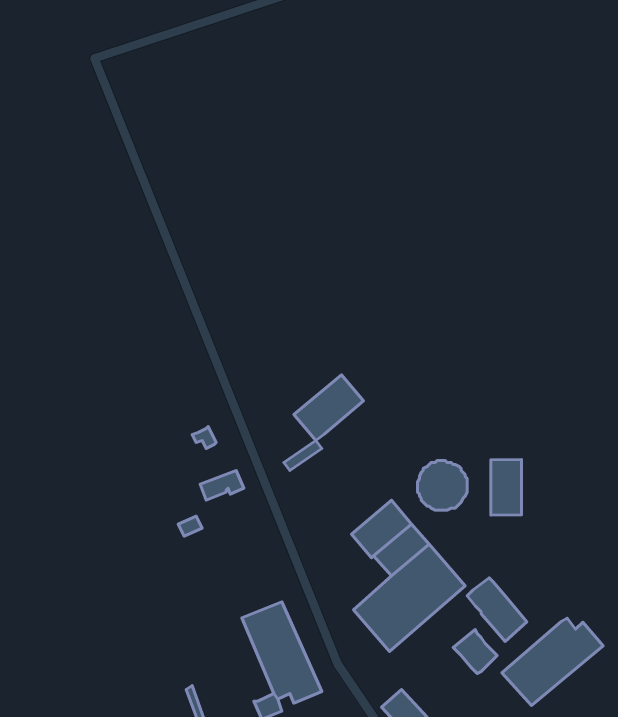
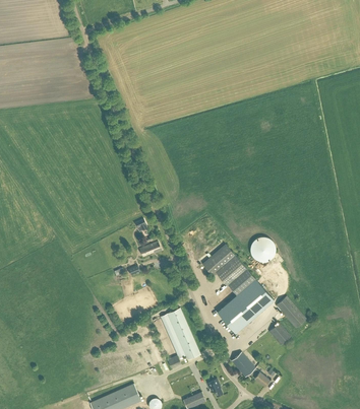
building: [294,375,364,441] -> [201,244,237,277]
building: [491,459,522,515] -> none
building: [502,618,603,706] -> none

